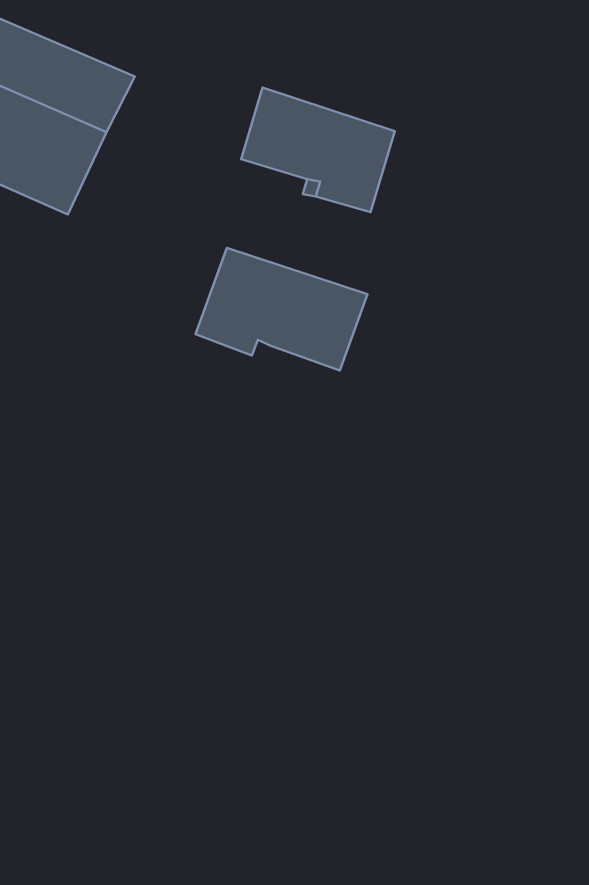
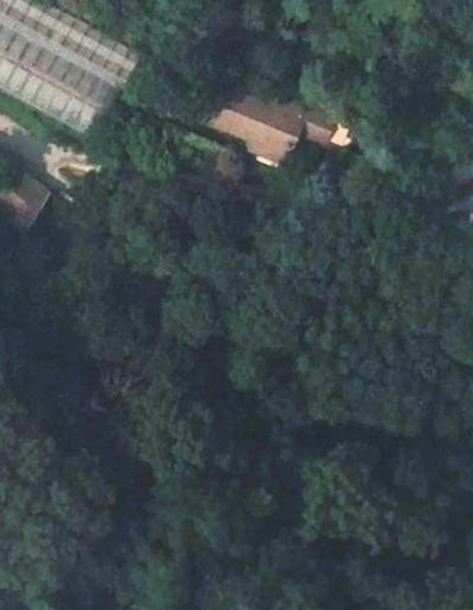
building: [196,248,367,371] -> none

